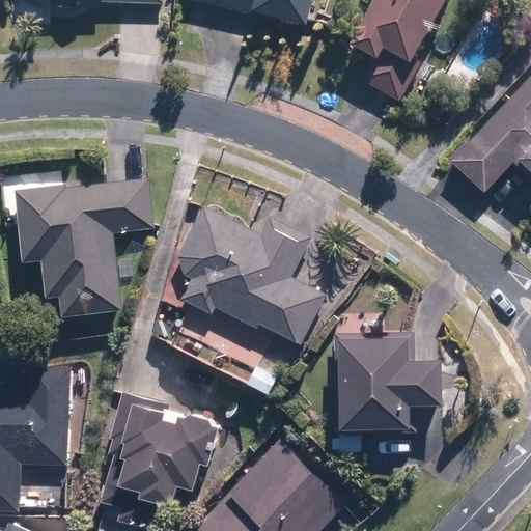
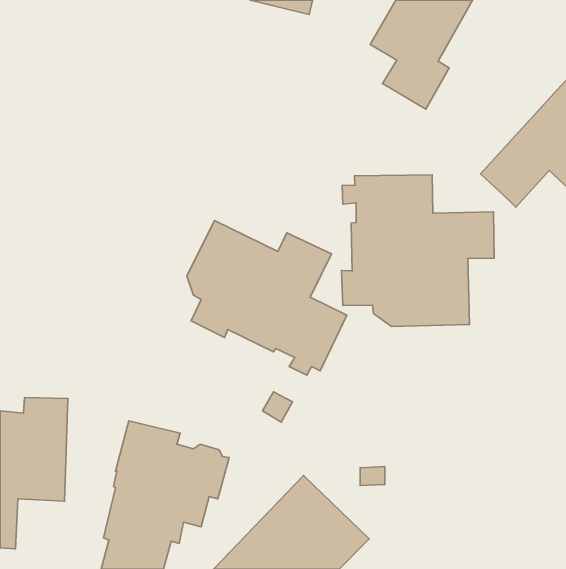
building: none -> [342,175,494,327]
building: [15,178,155,317] -> none
building: [335,332,441,432] -> none

